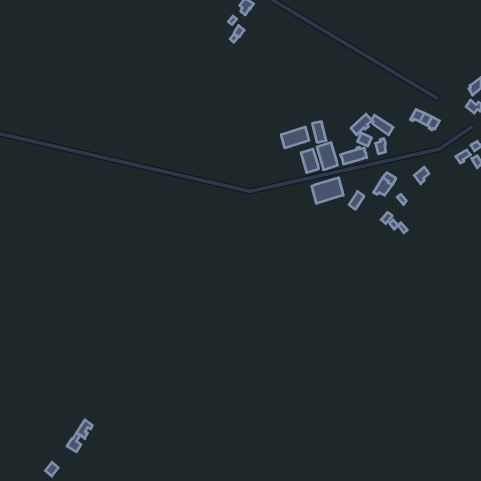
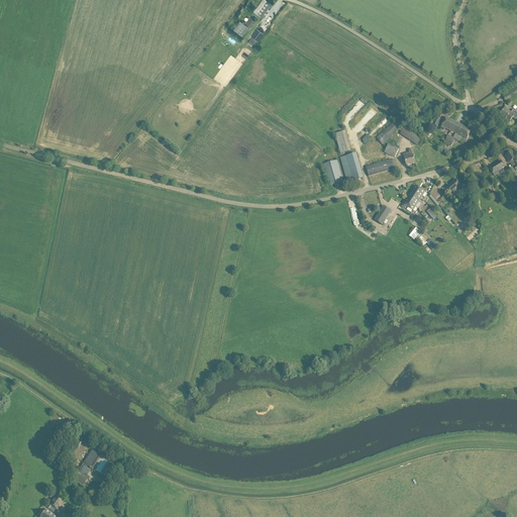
building: [281,127,309,148] -> none
building: [312,178,343,204] -> none

